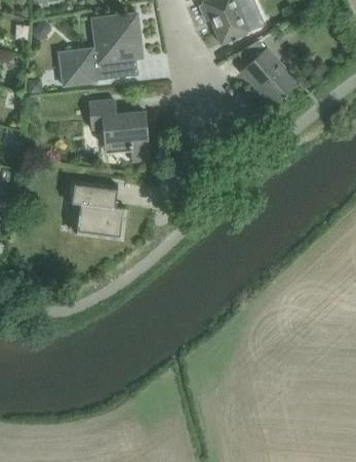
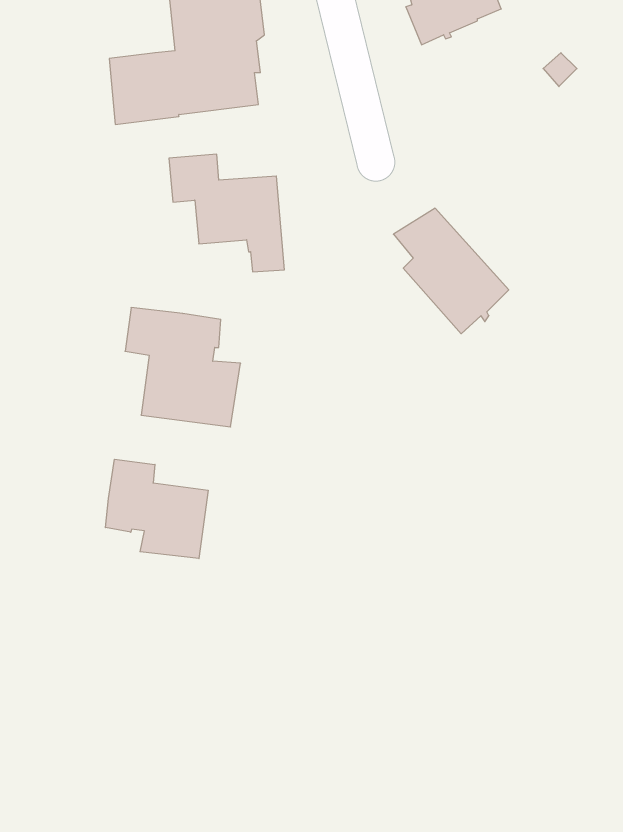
building: [237,40,296,104] -> [393,208,509,334]
building: none -> [105,459,208,559]

